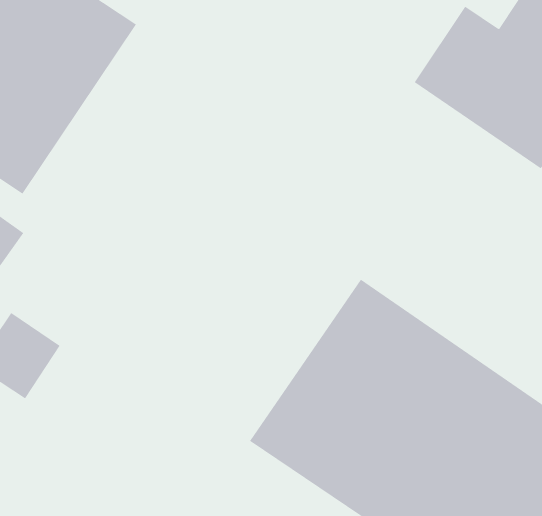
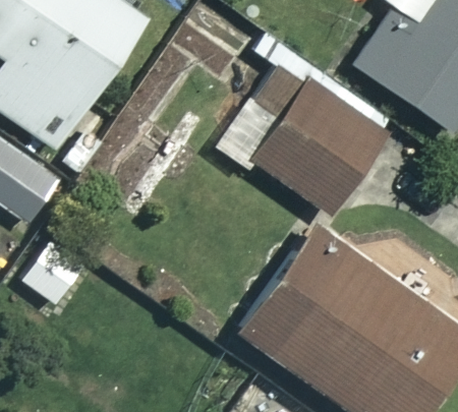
building: none -> [226,63,384,214]

